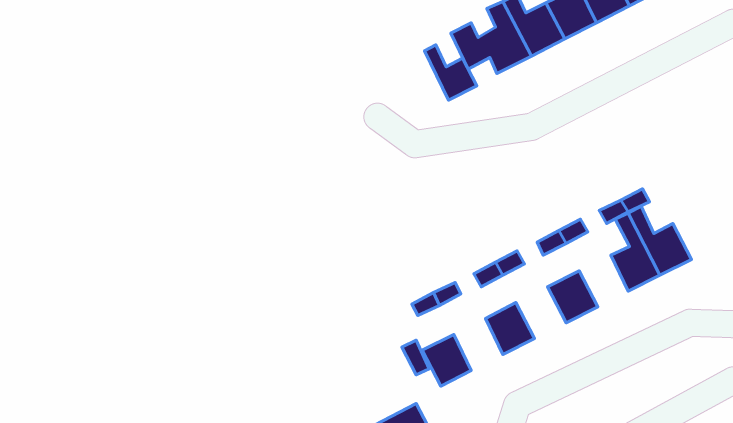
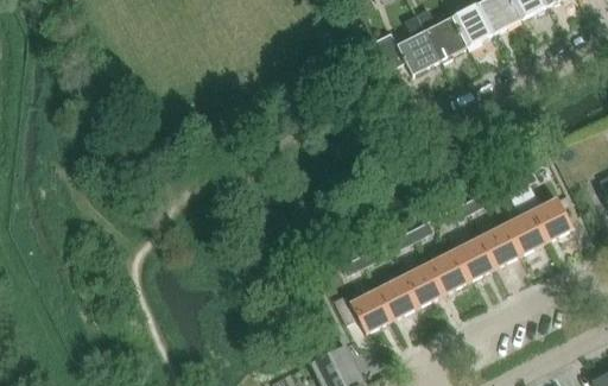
building: [425,45,477,100] -> none
building: none -> [480,224,520,267]
building: none -> [428,251,469,293]
building: none -> [376,277,417,319]

